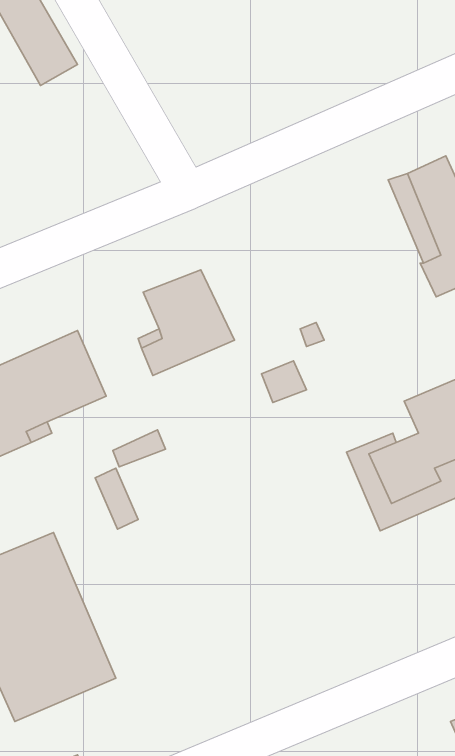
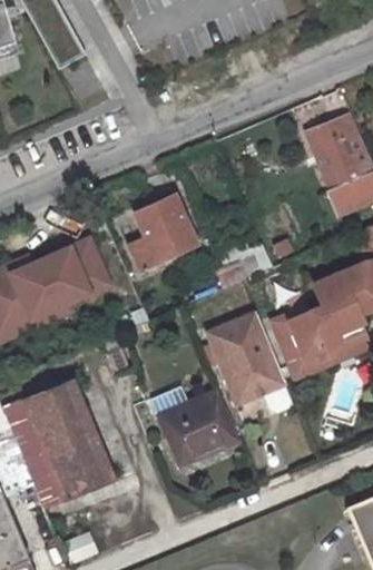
building: none -> [200,313,291,412]
building: none -> [158,389,237,464]

